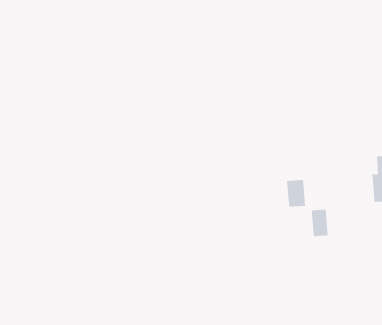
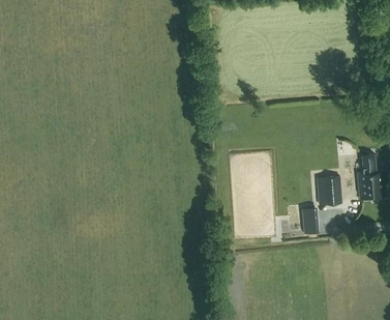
building: [286,180,306,207] -> [322,177,340,203]

